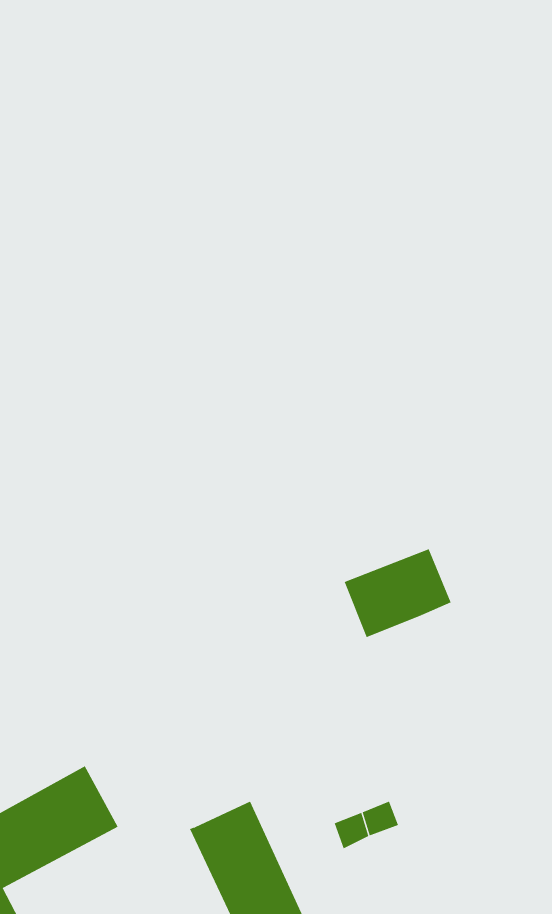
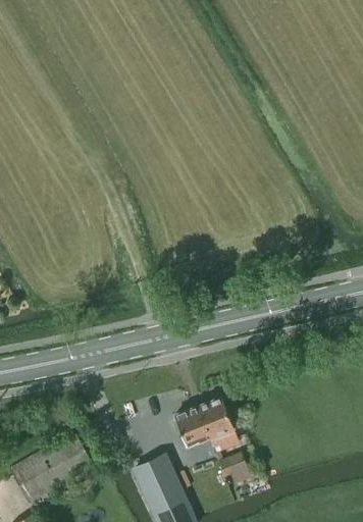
building: [344,549,452,638] -> [175,401,235,450]

